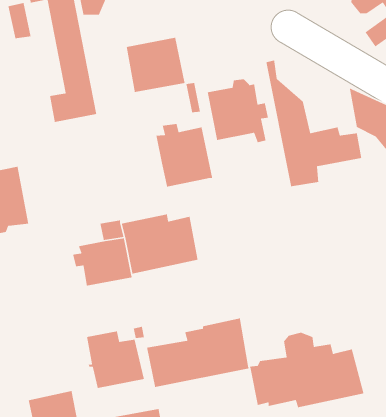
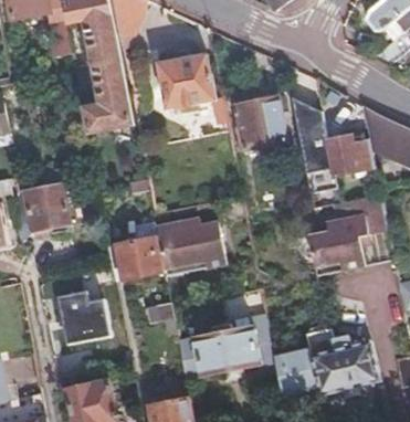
building: [156,123,213,187] -> none
building: none -> [311,193,388,274]
building: [86,331,145,389] -> [55,293,109,347]

